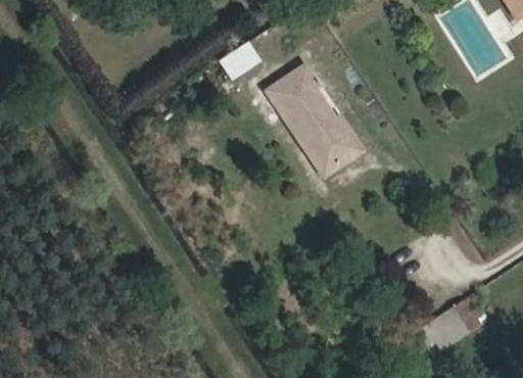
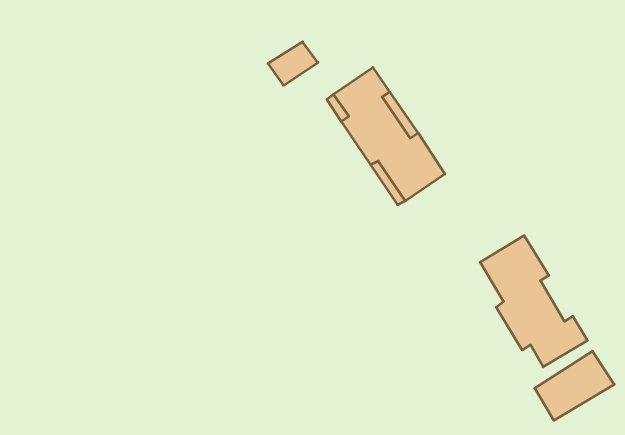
building: none -> [480,236,587,367]

